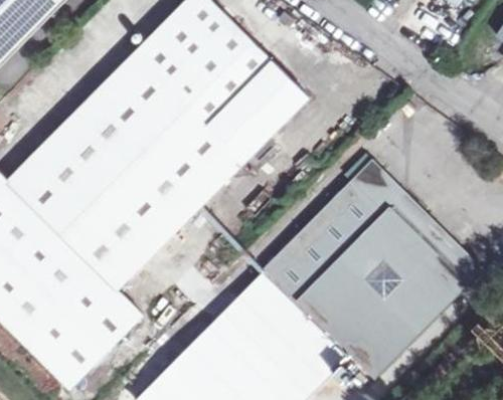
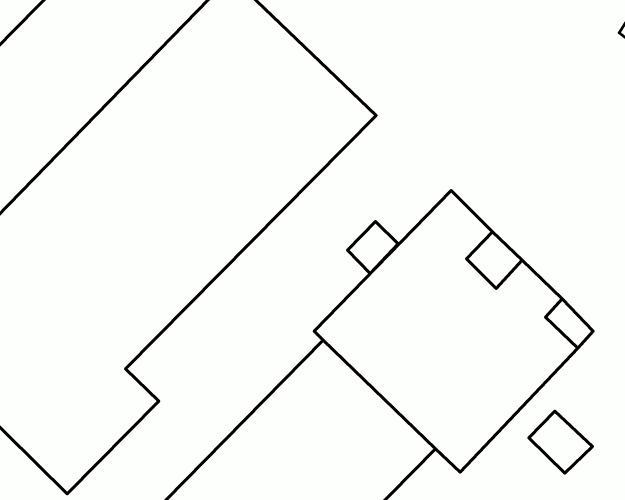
building: none -> [347,221,398,274]
building: none -> [529,411,592,473]

